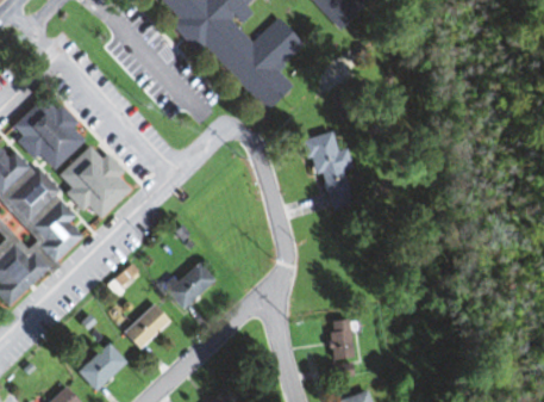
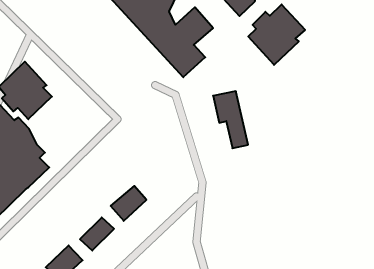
building: none -> [248,4,305,65]
building: [57,146,131,219] -> none
building: [330,321,352,359] -> none

